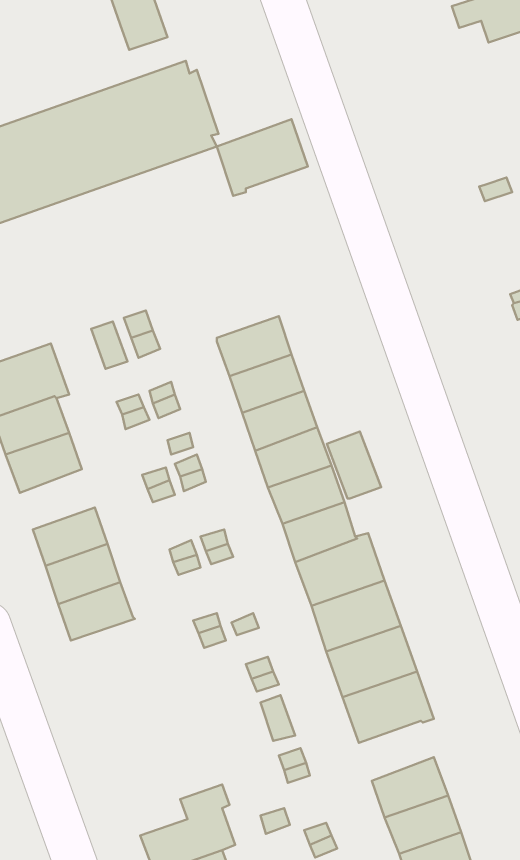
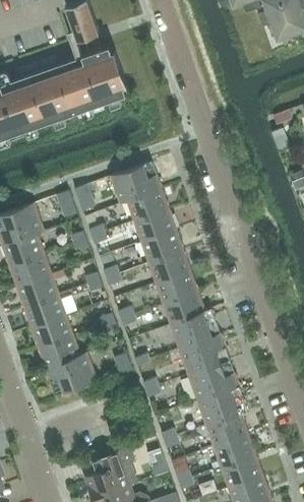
building: [217,119,308,196] -> [110,162,161,204]
building: [327,431,381,499] -> none
building: none -> [16,273,58,307]
building: none -> [45,353,97,395]
building: none -> [205,414,247,447]

